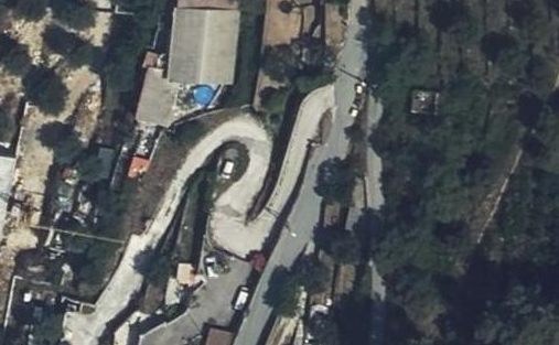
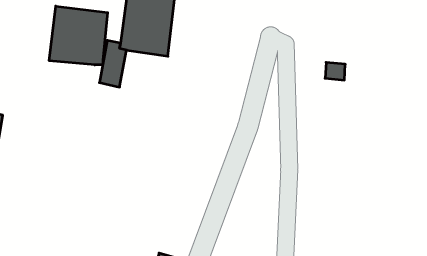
building: none -> [49,6,108,65]

